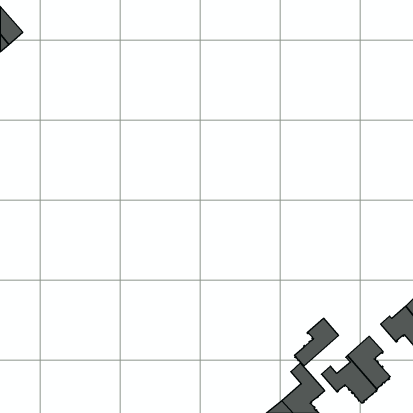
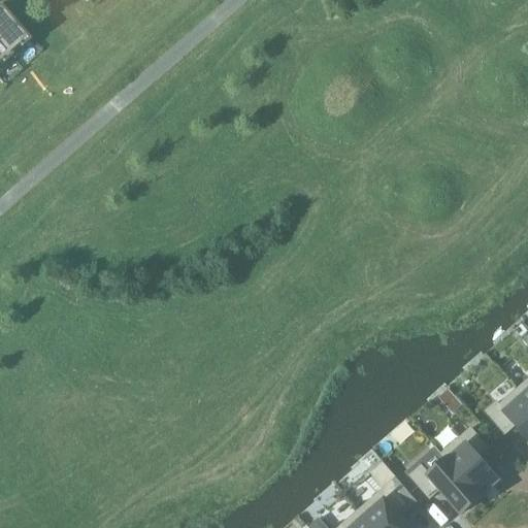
building: [295,318,338,366] -> none

